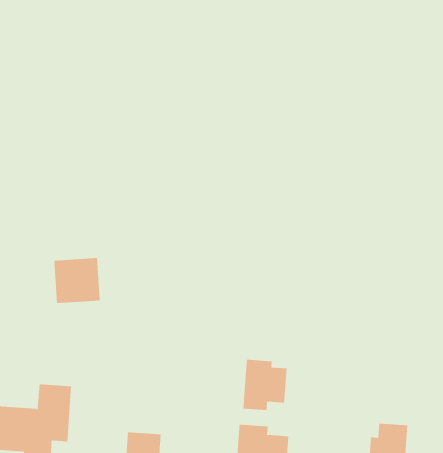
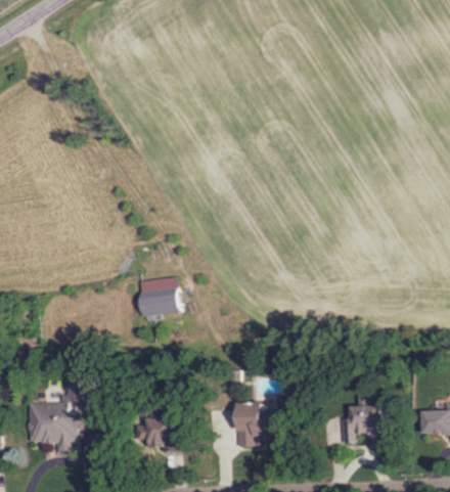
building: [53,258,101,304] -> [135,274,178,316]
building: [243,359,287,411] -> none

